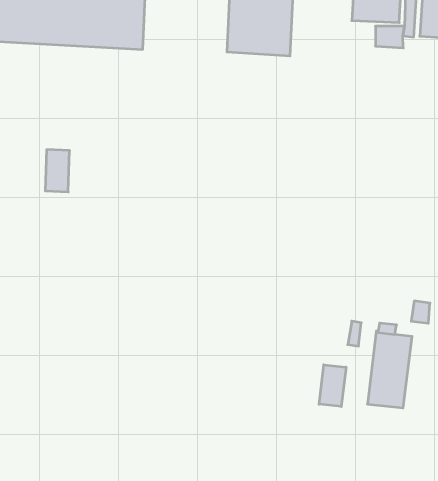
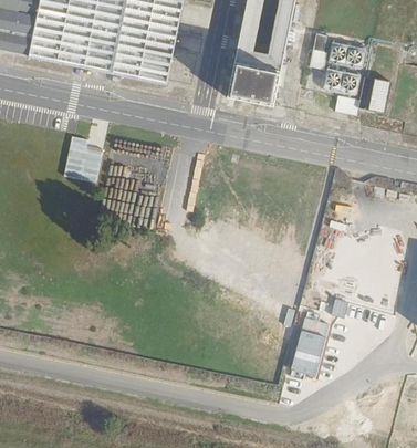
building: none -> [63,134,87,176]
building: [319,365,346,407] -> none

